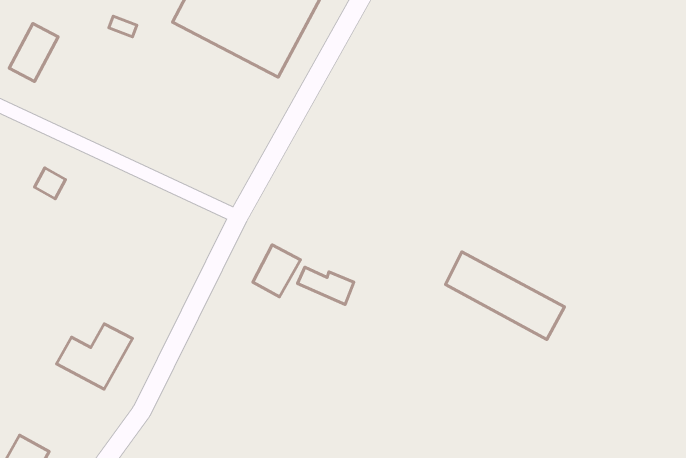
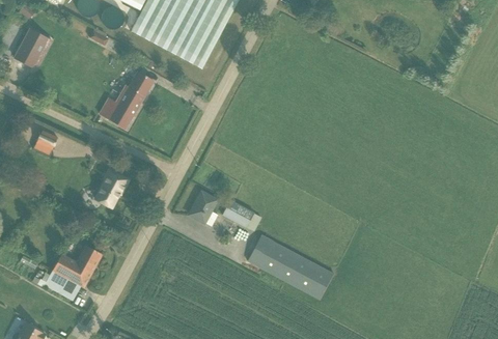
building: none -> [98,69,151,129]
building: none -> [90,167,129,208]
building: [446,252,565,339] -> [250,233,333,294]

